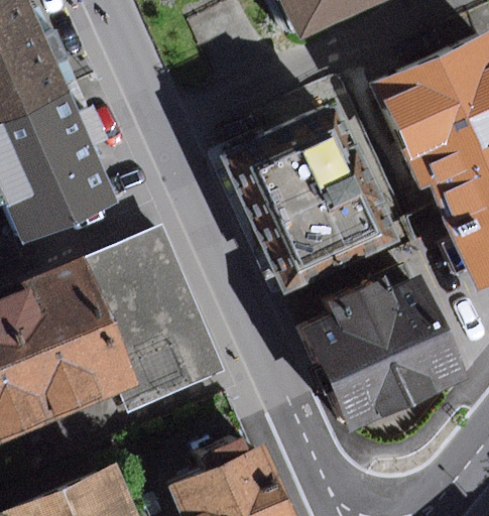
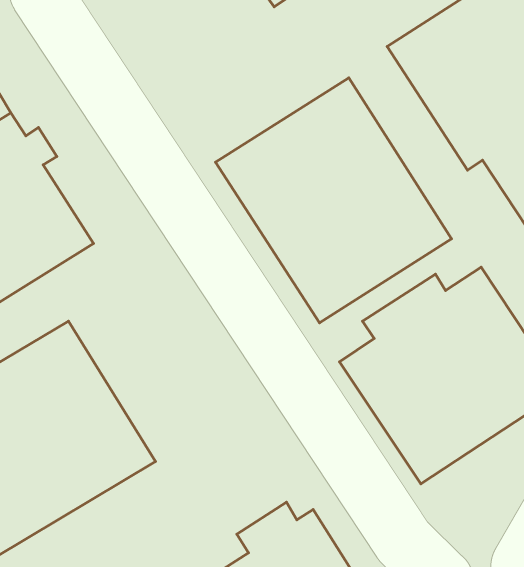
building: [88,230,226,404] -> none

